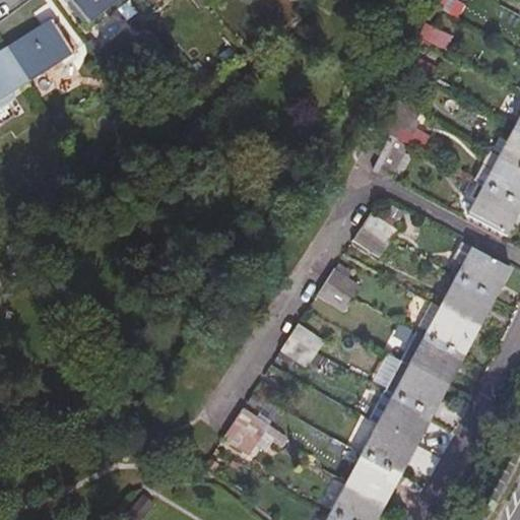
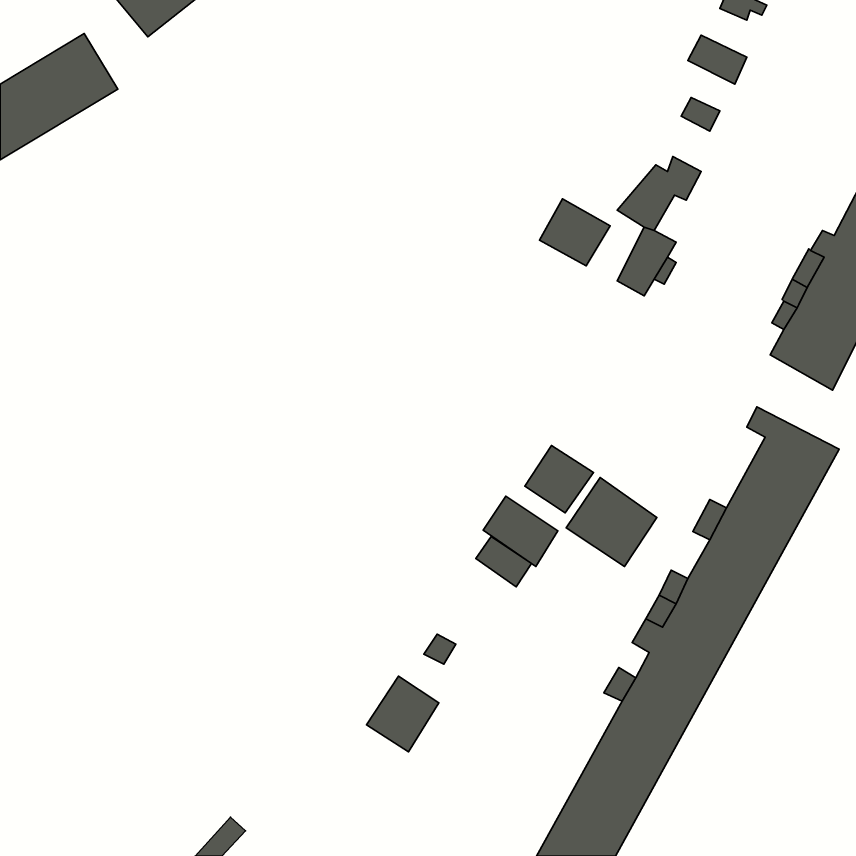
building: none -> [540,199,610,266]
building: [354,212,397,257] -> none
building: none -> [566,478,657,567]
building: none -> [483,496,558,567]

